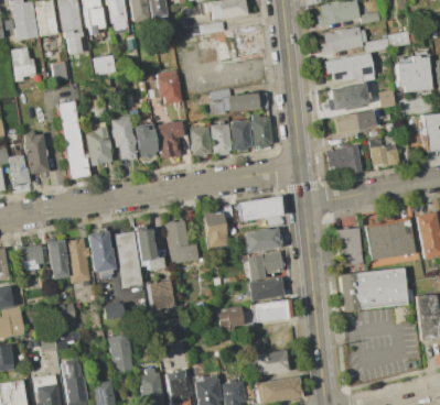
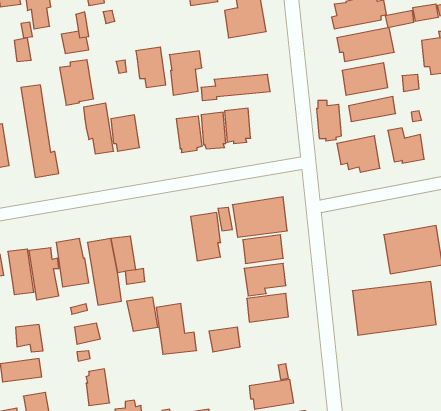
building: [251,113,272,147] -> [317,101,341,141]
building: [158,121,185,158] -> [169,51,202,95]
building: [86,127,115,165] -> [60,60,94,105]
building: [164,220,198,263] -> [156,304,197,354]
building: [335,228,362,266] -> none
building: [256,299,289,321] -> none

